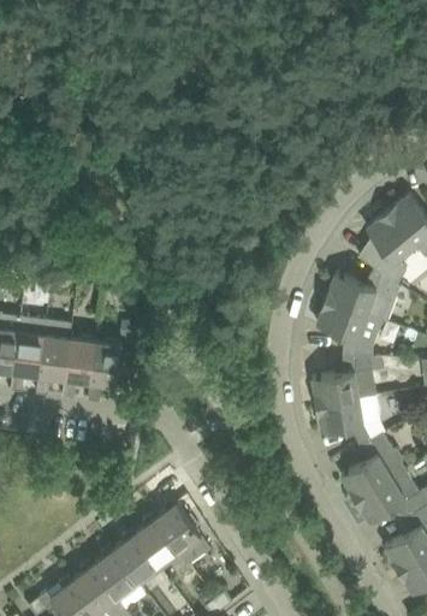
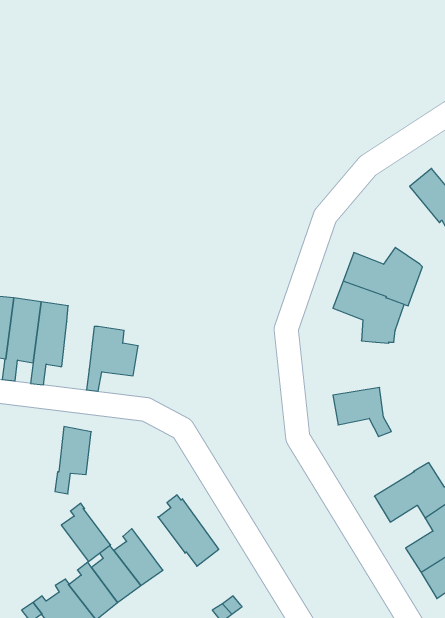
building: [357,212,415,284] -> none
building: [61,337,95,399] -> [55,427,91,494]
building: [312,355,375,405] -> none
building: [340,433,405,499] -> none
building: [134,514,179,568] -> [61,503,111,562]

